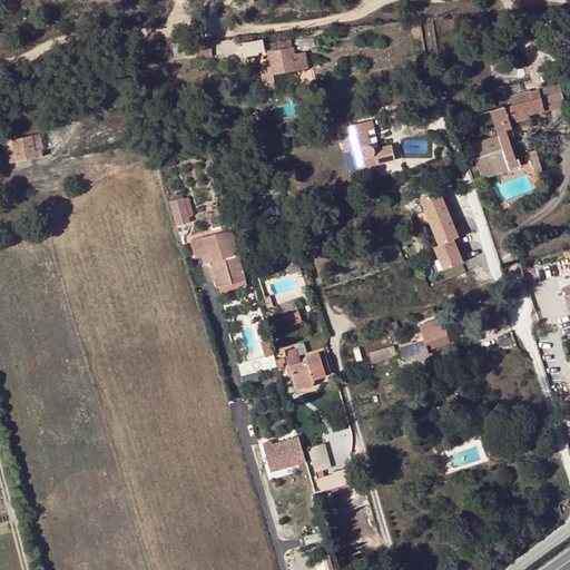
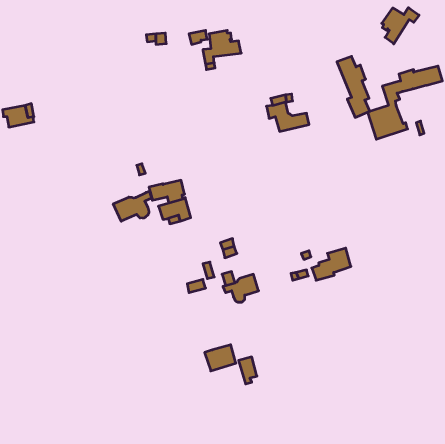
building: none -> [382,8,419,44]
building: [421,194,463,272] -> [337,56,370,117]
building: none -> [113,191,151,221]

